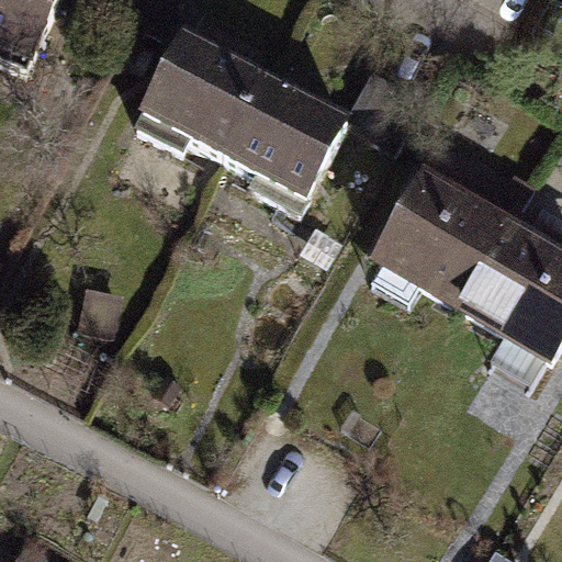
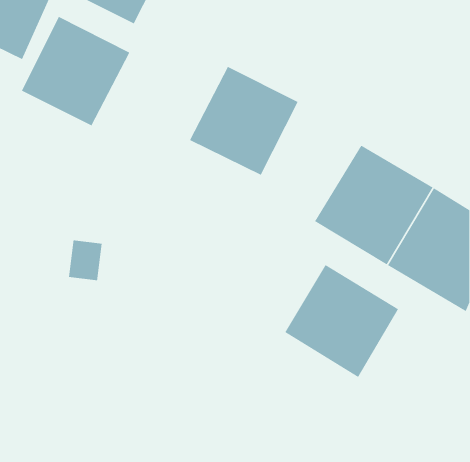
building: [139,35,268,165] -> [21,16,130,126]
building: none -> [284,264,399,378]

